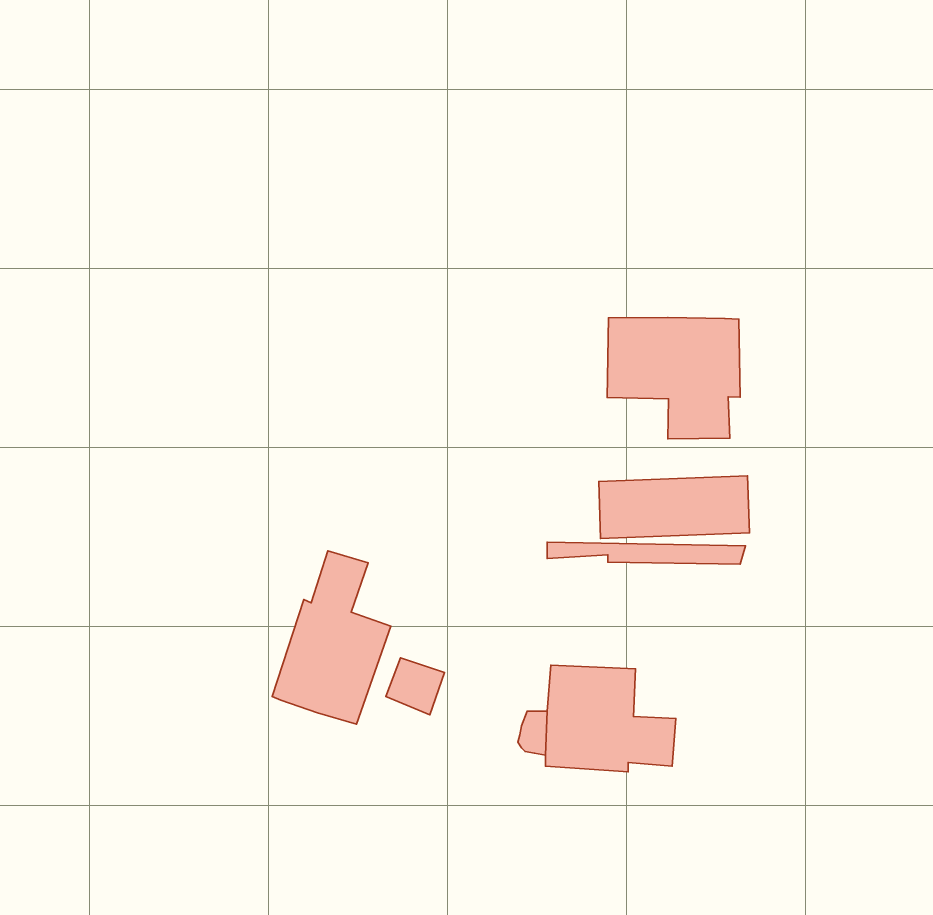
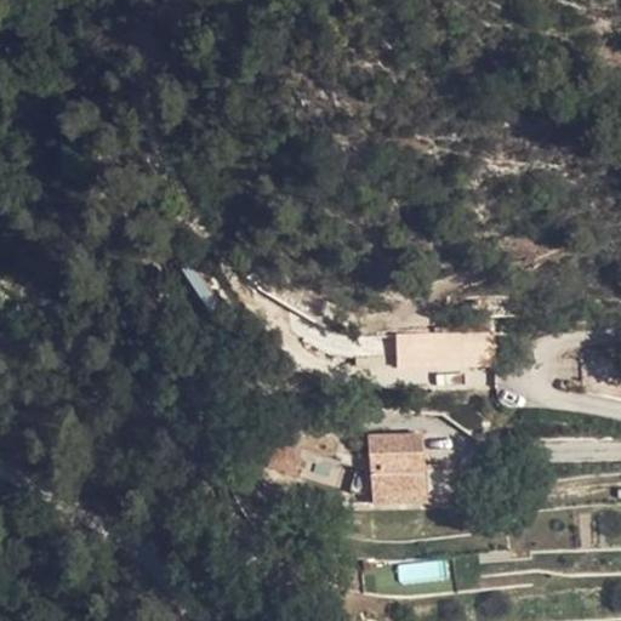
building: [607,317,740,439] -> none
building: [272,551,391,724] -> none

